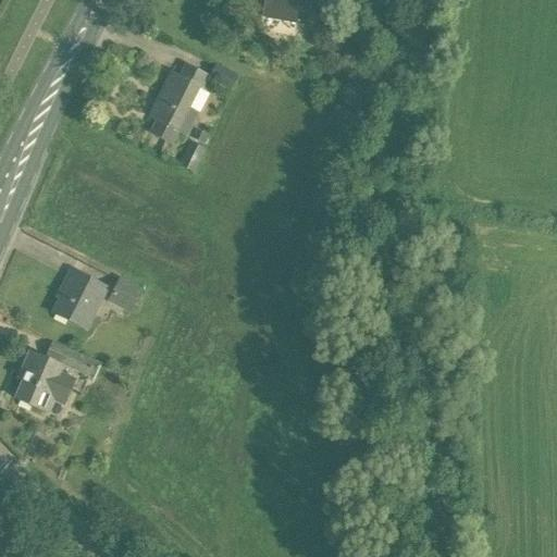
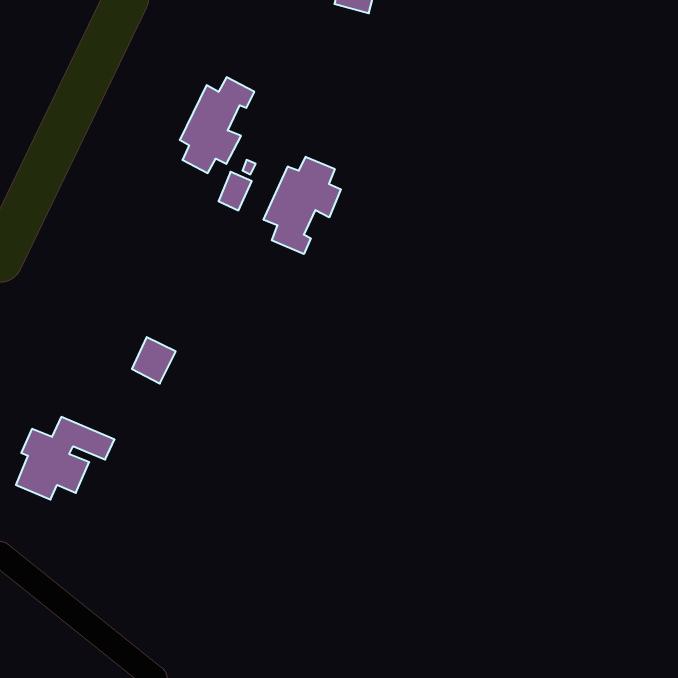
building: none -> [264,157,341,254]
building: [52,268,108,329] -> none

